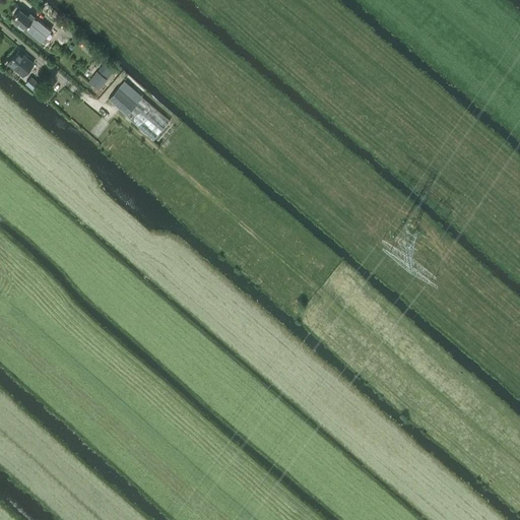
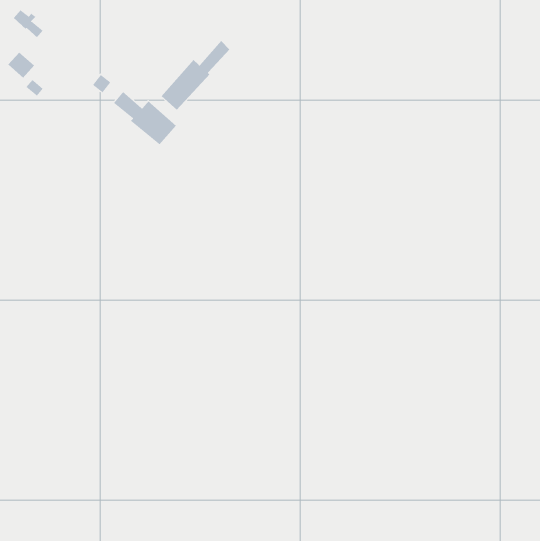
building: none -> [161,40,230,110]

